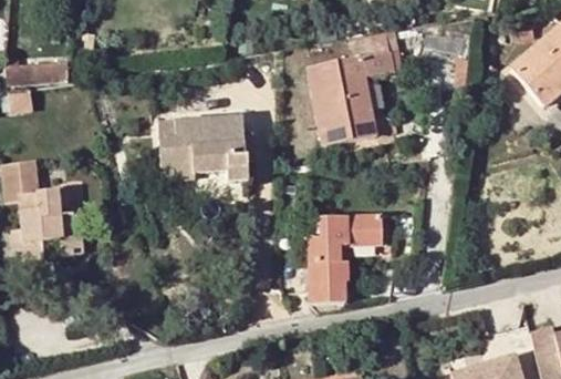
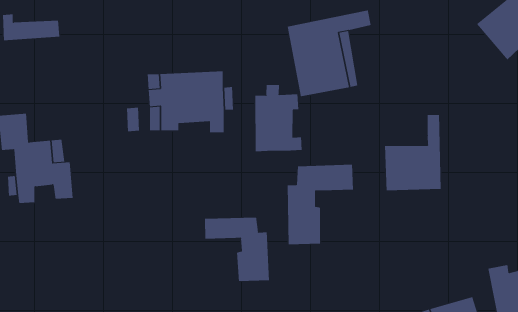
building: none -> [255,84,302,152]
building: none -> [385,114,441,191]
building: none -> [204,217,269,282]

